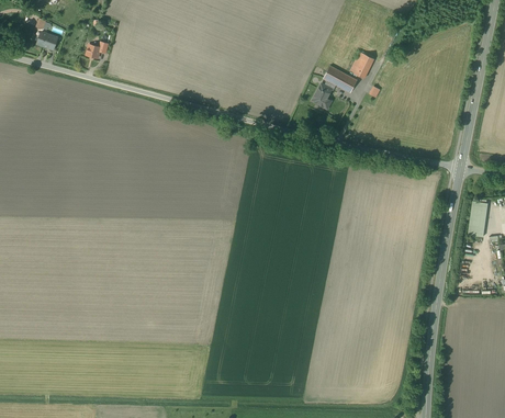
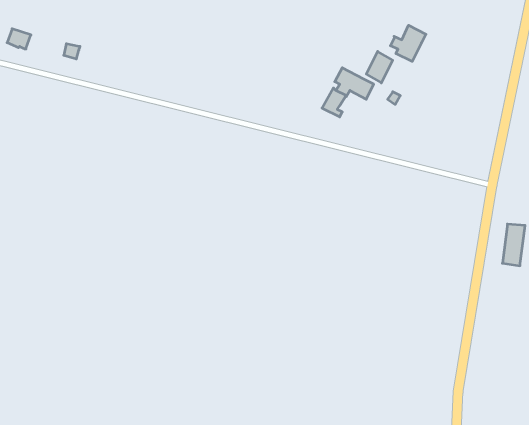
building: none -> [390,25,426,61]

